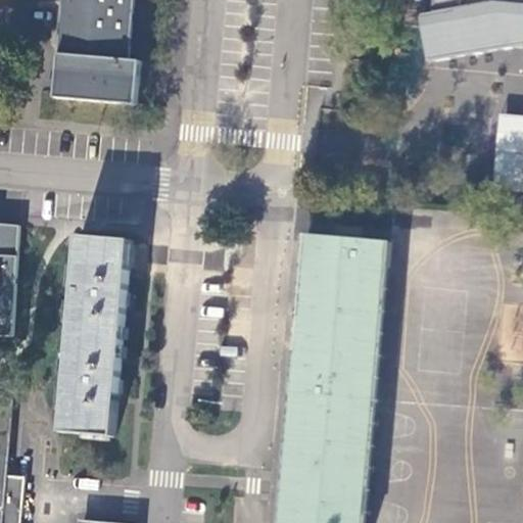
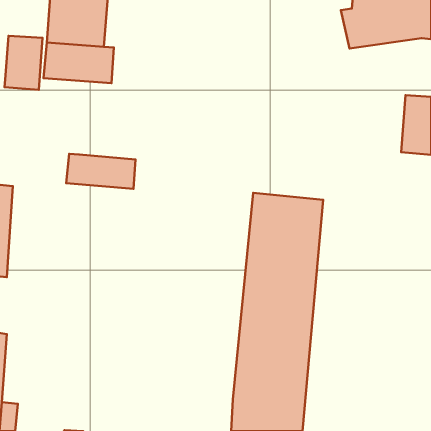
building: none -> [5,36,43,90]
building: none -> [66,154,136,189]
building: [58,233,128,435] -> none

